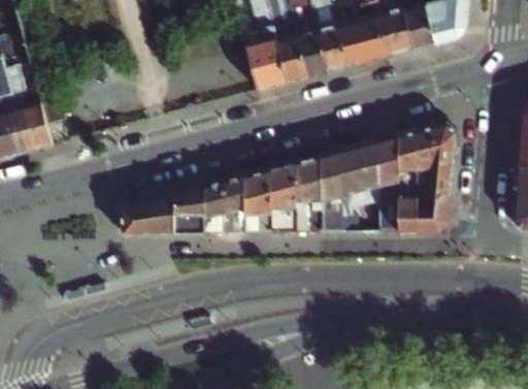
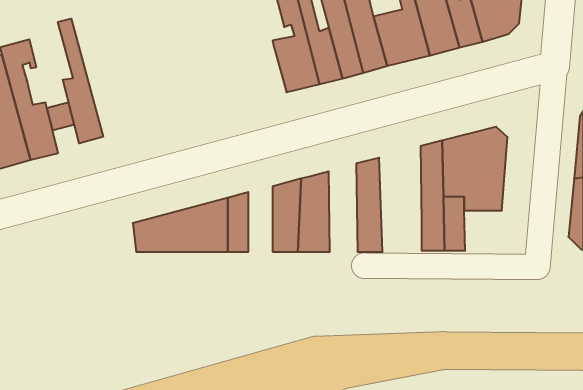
building: none -> [58,19,103,143]
building: [343,137,382,232] -> none
building: [298,153,324,232] -> none
building: [226,173,248,232] -> none
building: [420,195,454,231] -> none

